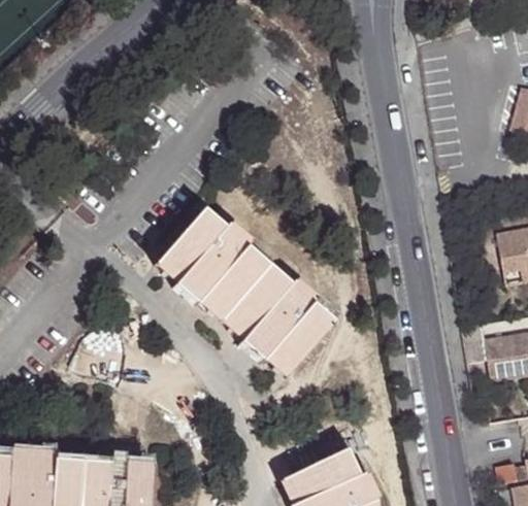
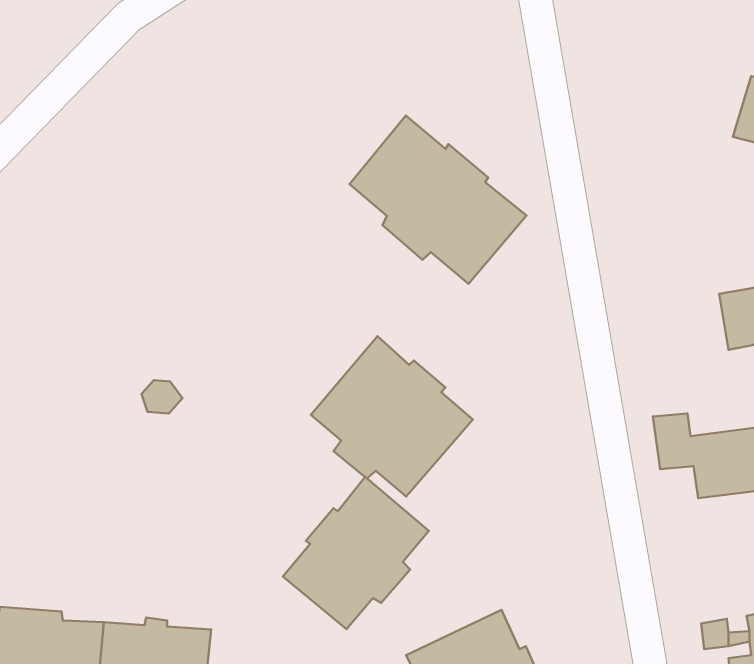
building: none -> [349,116,526,284]
building: [158,208,269,318] -> none
building: none -> [283,477,429,629]

